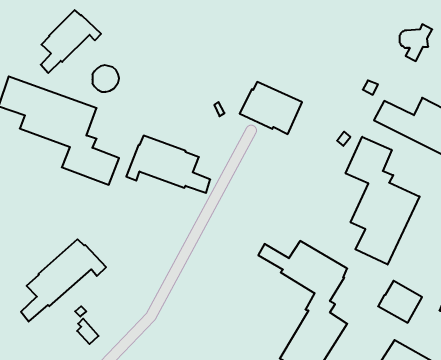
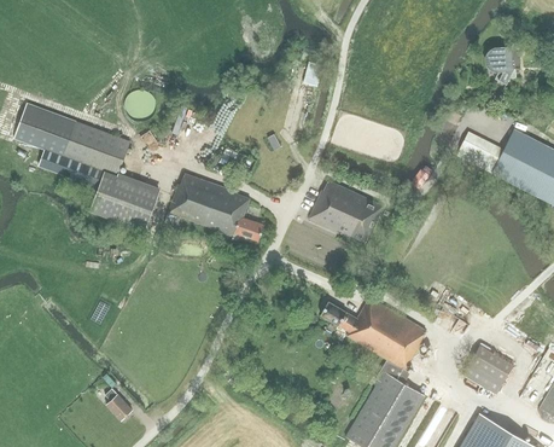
building: [41,10,101,73] -> none
building: [240,82,302,134] -> [309,180,383,242]
building: [346,137,420,265] -> none
building: [21,239,106,322] -> none

